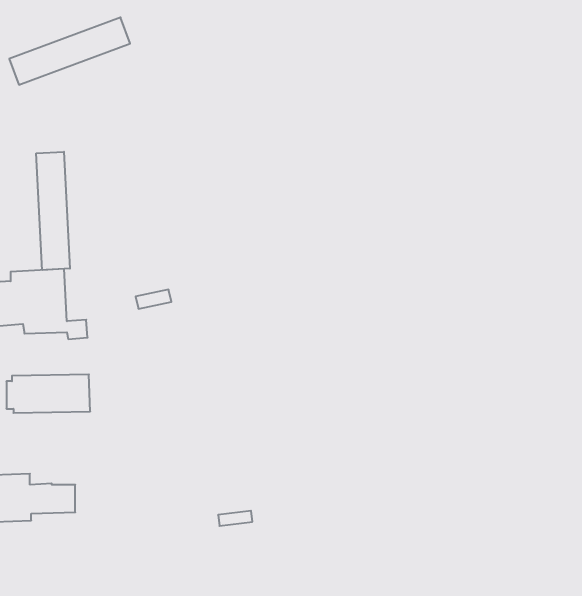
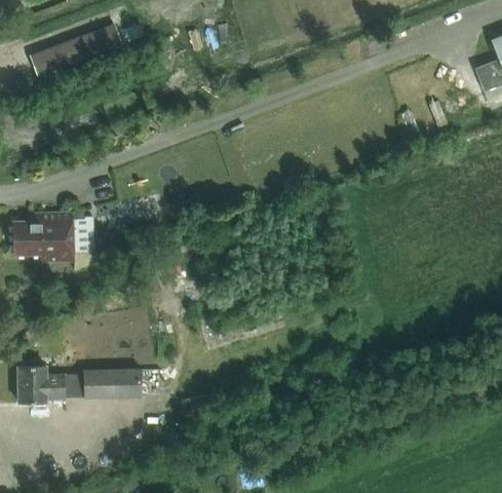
building: [36,152,70,270] -> none
building: [6,374,90,413] -> [80,370,143,399]

